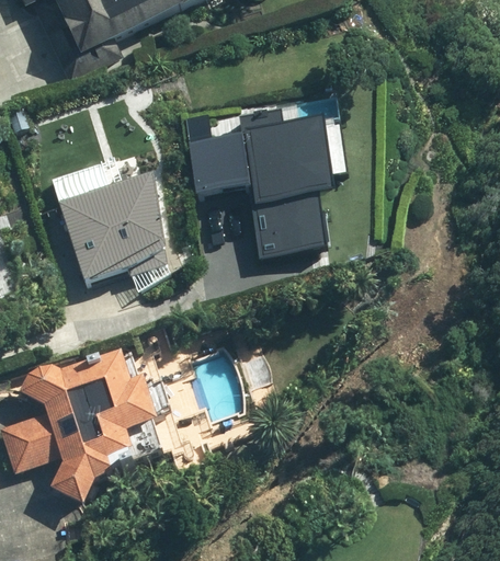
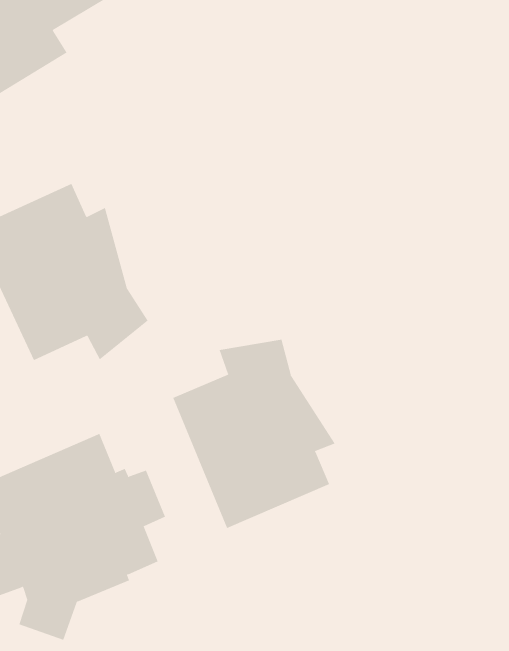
building: [186,104,343,253] -> none
building: none -> [172,339,335,529]

